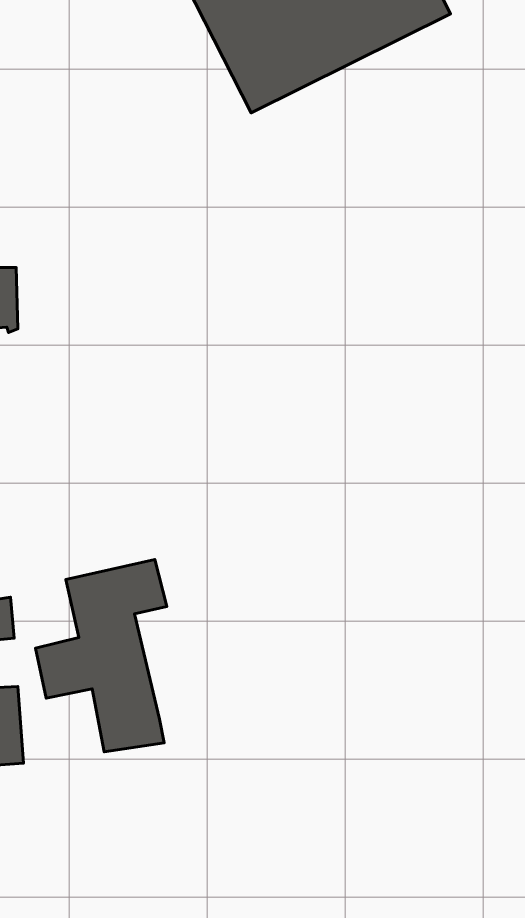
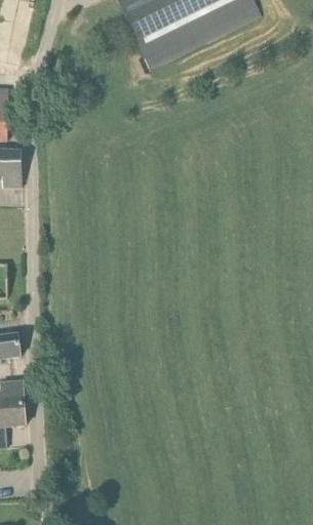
building: [36,559,167,752] -> none

